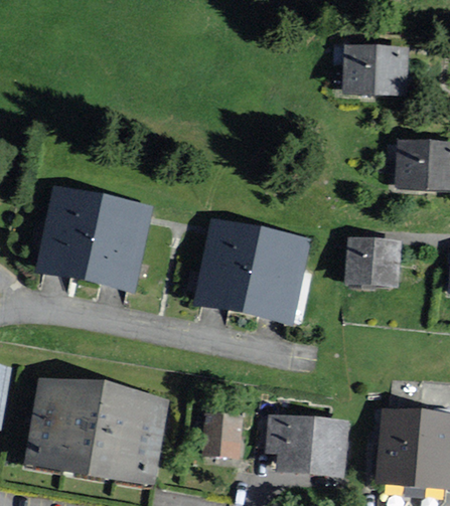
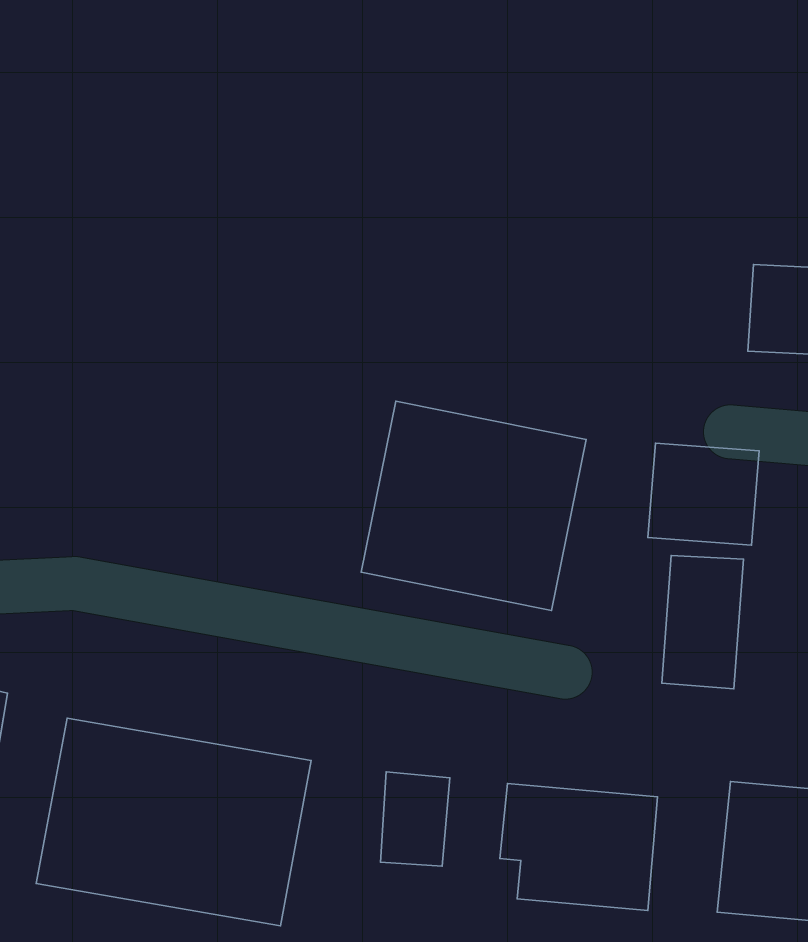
building: [346,47,407,94] -> none
building: [35,181,154,291] -> none
building: none -> [662,556,743,689]

